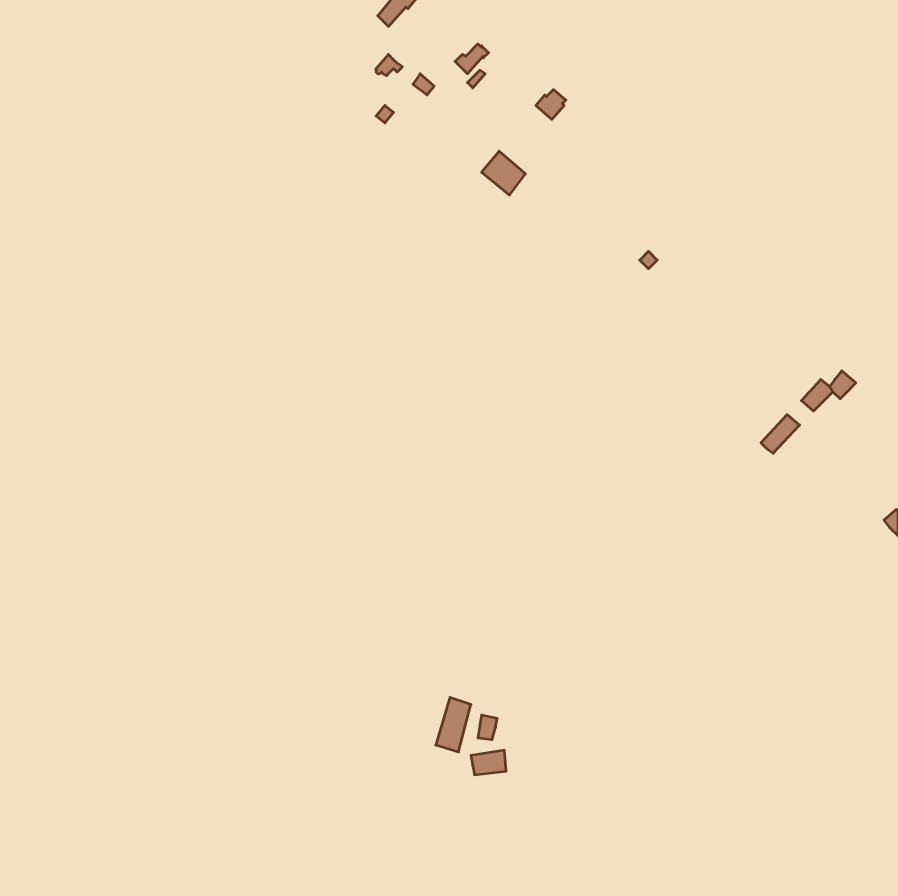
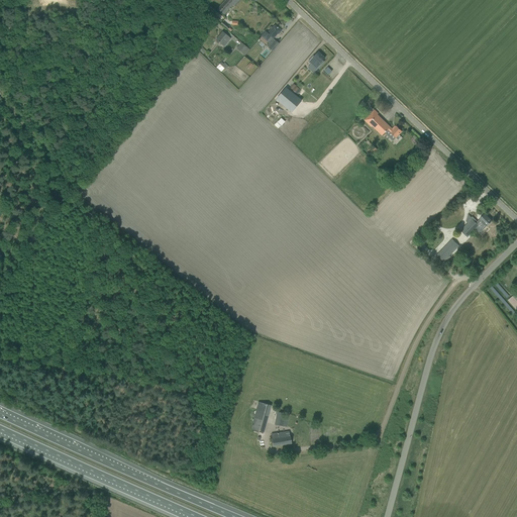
building: none -> [365,110,402,139]

